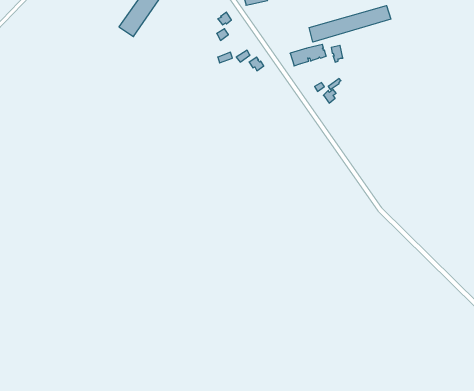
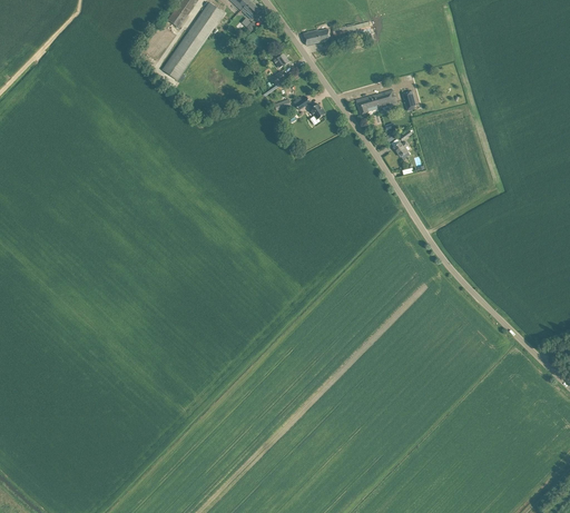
building: [309,6,391,42] -> none

